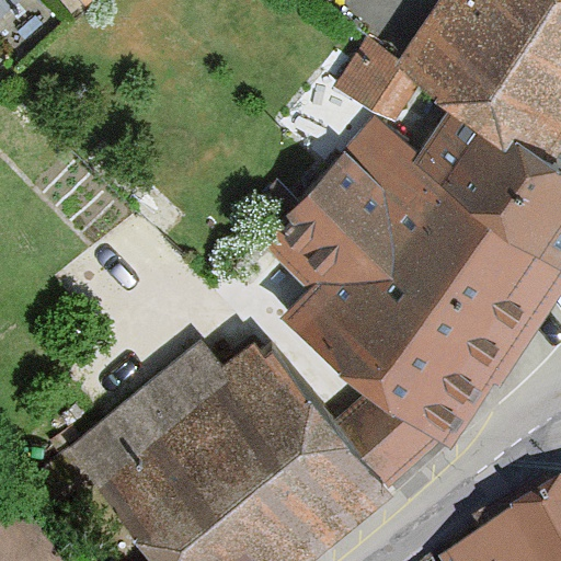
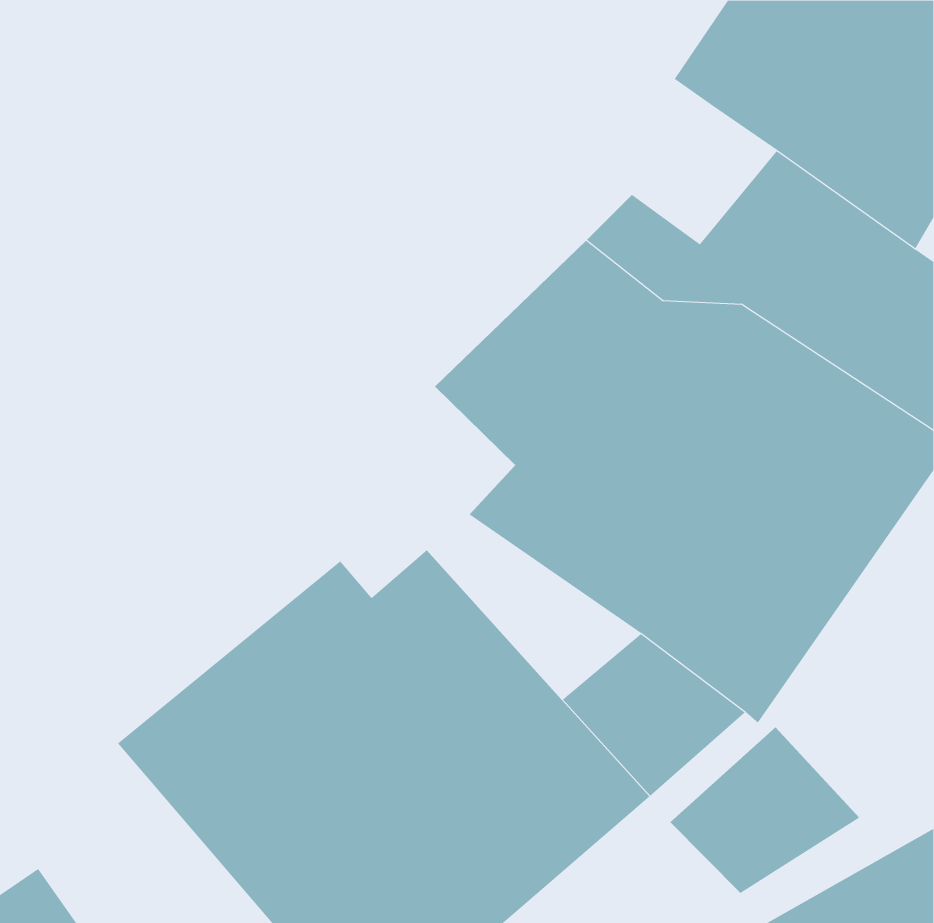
building: [337,33,426,124] -> none
building: none -> [670,726,860,894]

